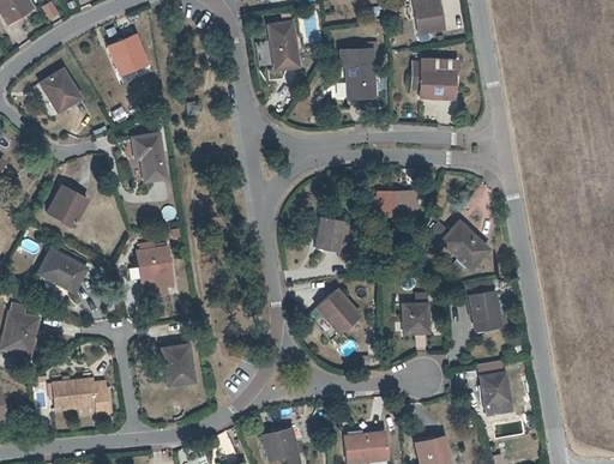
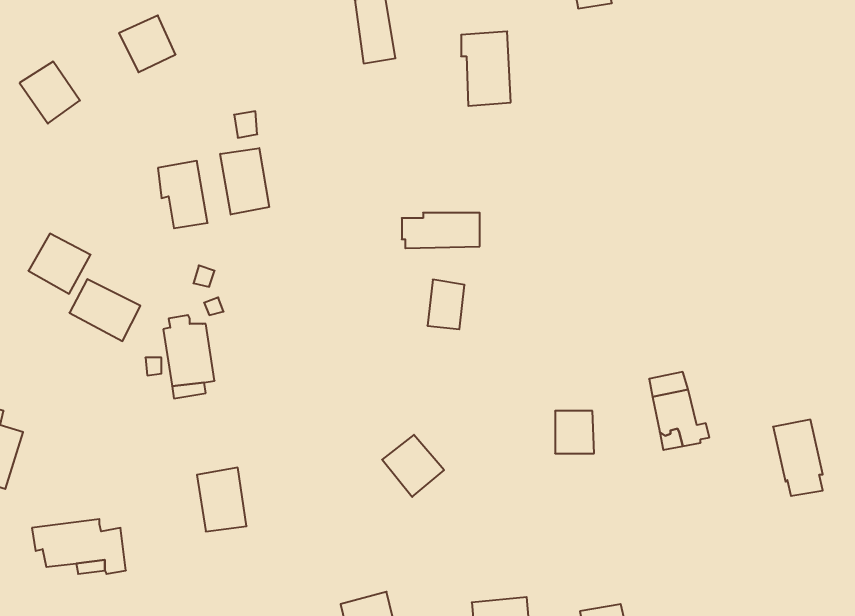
building: [419,59,457,96] -> none
building: none -> [220,148,269,215]
building: [365,191,417,215] -> [402,213,480,248]
building: [433,221,488,267] -> none
building: [40,249,88,291] -> [69,279,140,341]
building: [319,289,361,331] -> [382,435,444,497]
building: [482,373,516,424] -> [773,420,823,496]

